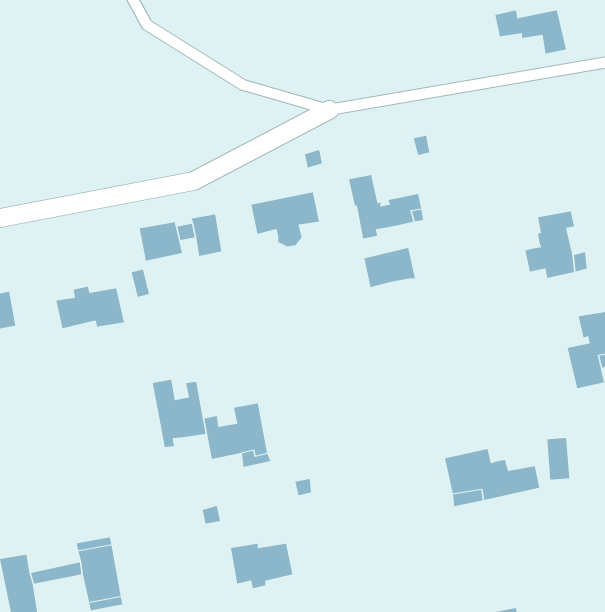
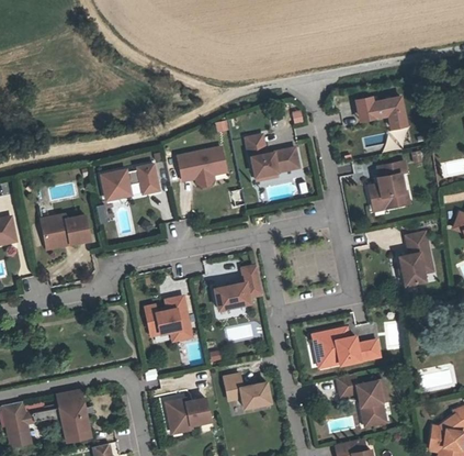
building: [494,10,567,54] -> [357,97,407,127]
building: [364,247,415,288] -> none
building: none -> [214,265,262,309]
building: [152,379,206,448] -> none
building: none -> [223,372,271,408]
building: none -> [337,374,386,424]

